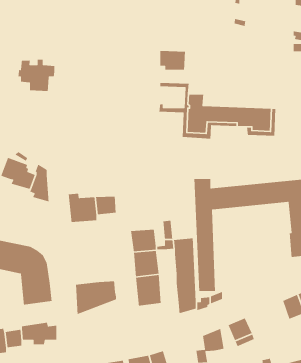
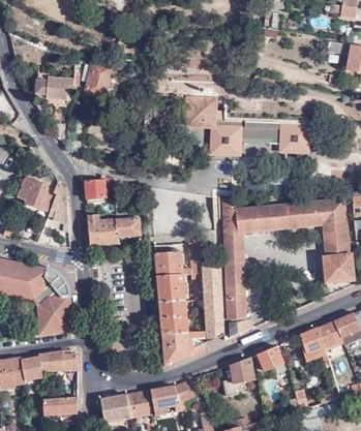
building: none -> [82,59,111,95]
building: [160,50,186,70] -> [184,100,212,122]
building: none -> [86,176,114,197]
building: [75,280,117,315] -> [162,330,207,367]
building: none -> [300,328,325,359]

